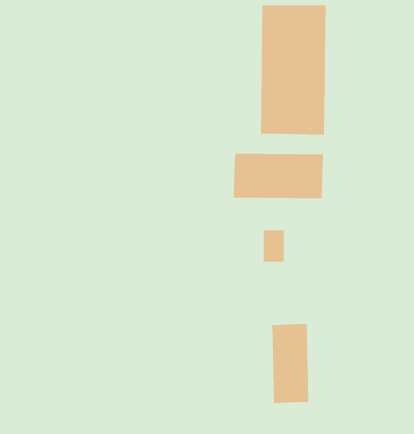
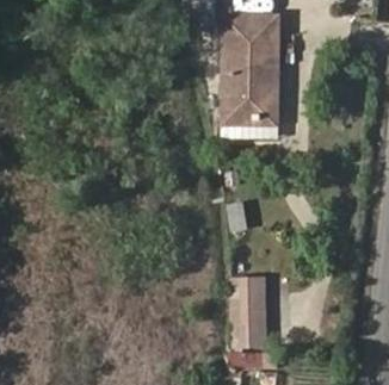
building: [233,153,324,199] -> none

